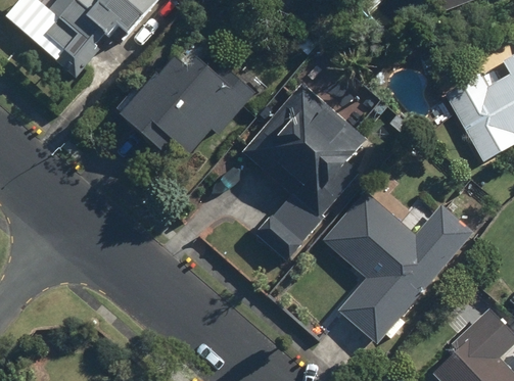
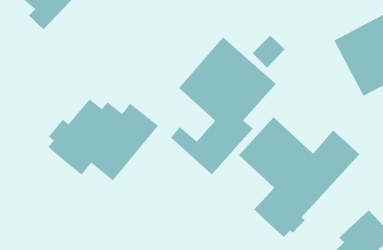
building: [113,57,255,162] -> [47,99,159,181]

